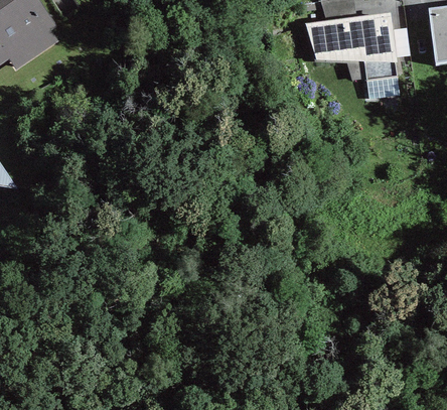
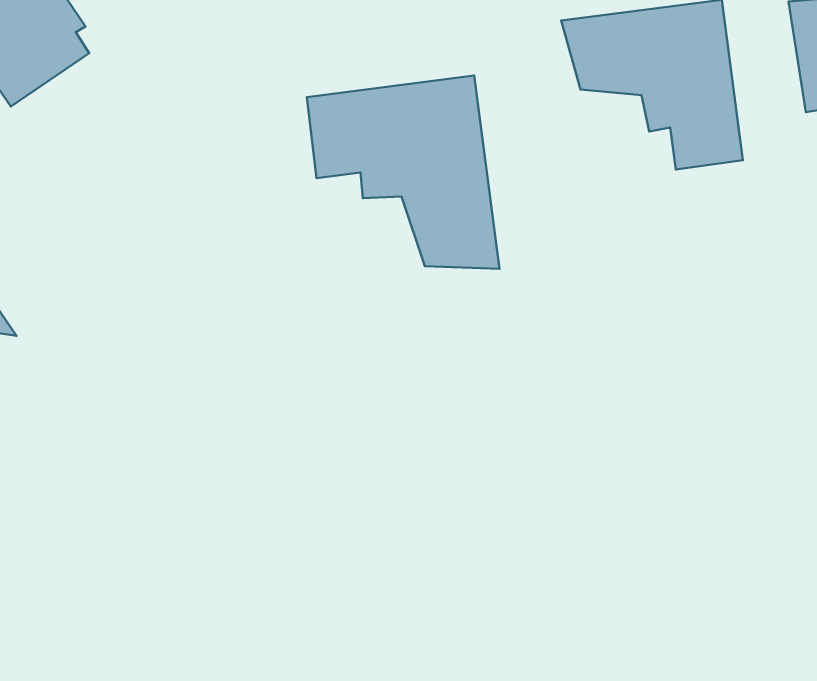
building: none -> [307,75,500,269]

